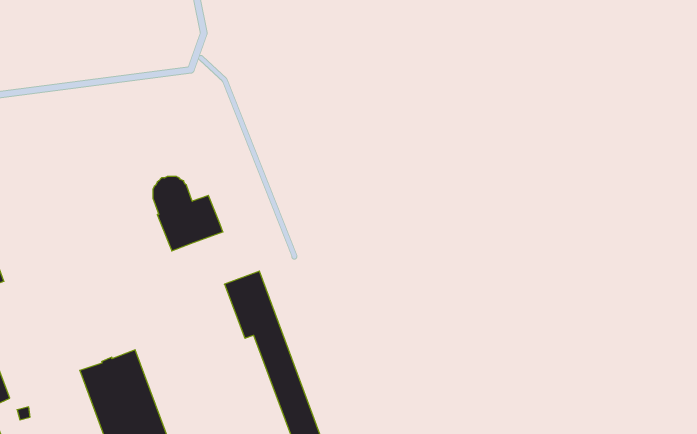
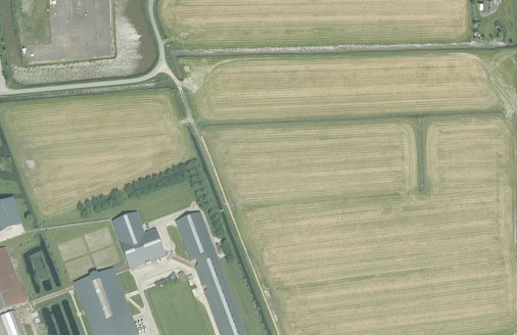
building: [153,176,223,251] -> [115,216,165,268]

